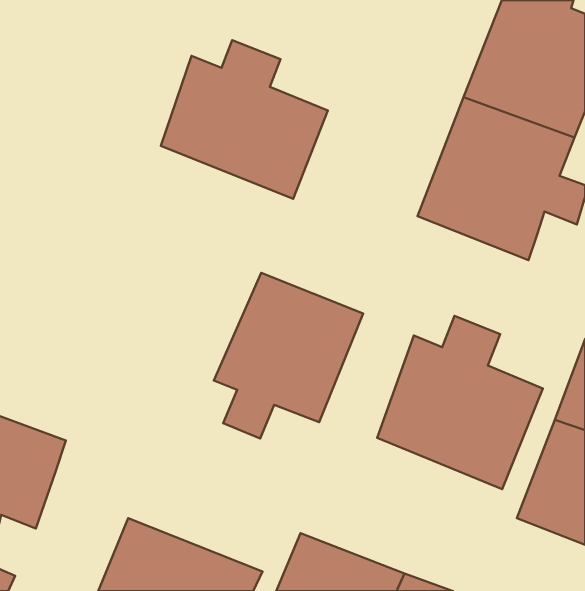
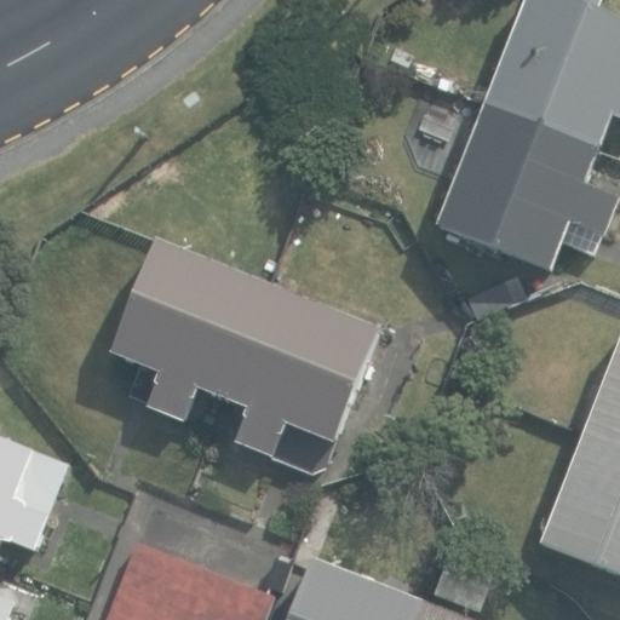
building: [161,40,328,199] -> none
building: none -> [113,240,274,421]
building: [377,316,543,489] -> none

